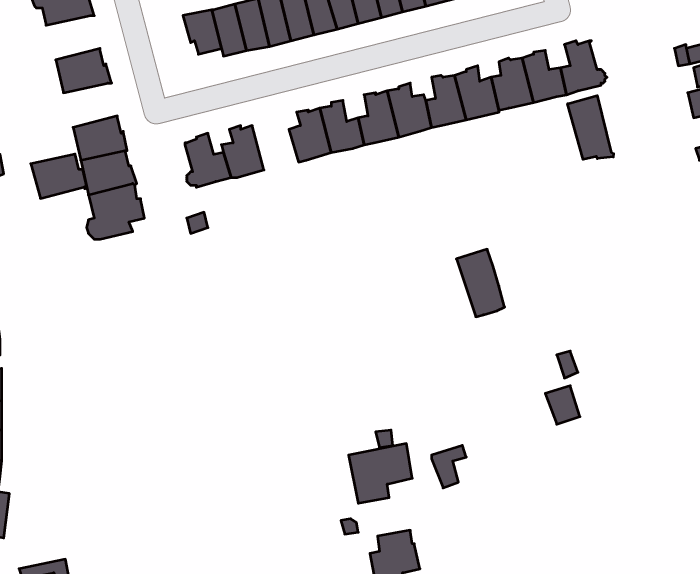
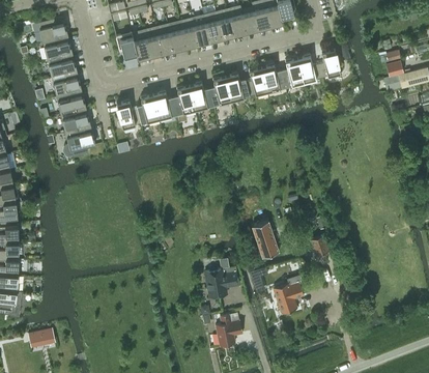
building: none -> [41,36,72,60]
building: [568,96,614,159] -> none
building: none -> [152,91,177,119]
building: [31,154,87,198] -> [51,73,81,96]
building: [456,249,505,317] -> [252,221,278,257]
building: none -> [273,282,304,314]

